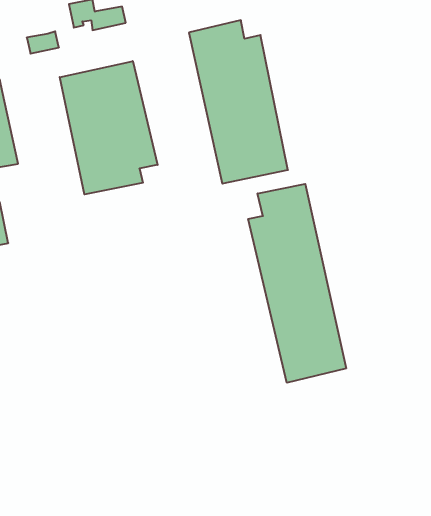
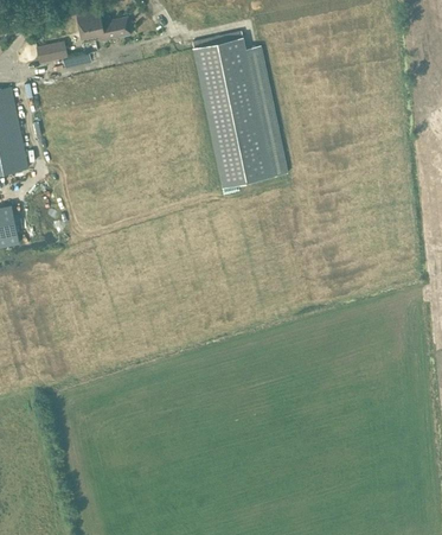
building: [60,61,158,194] -> none
building: [248,184,346,383] -> none

